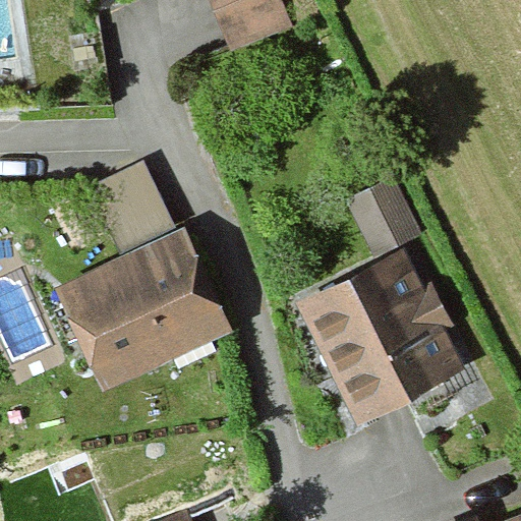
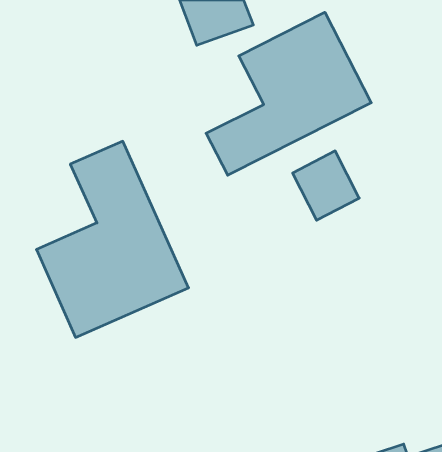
building: none -> [206,12,371,175]
building: [293,251,466,427] -> none

